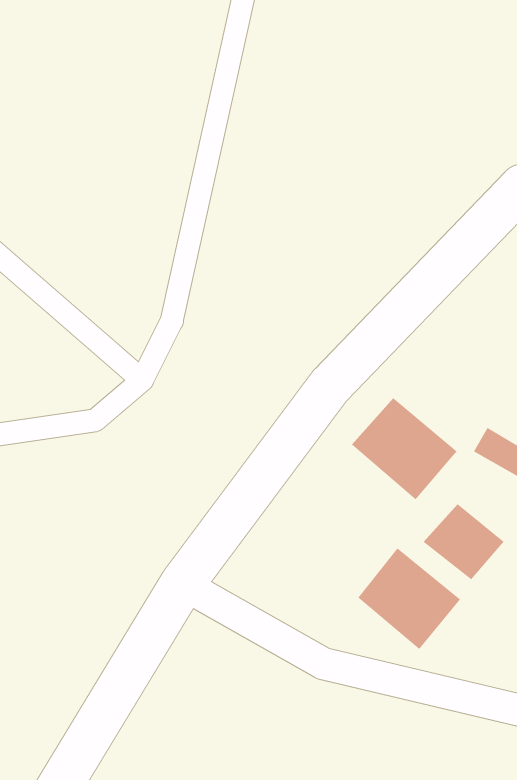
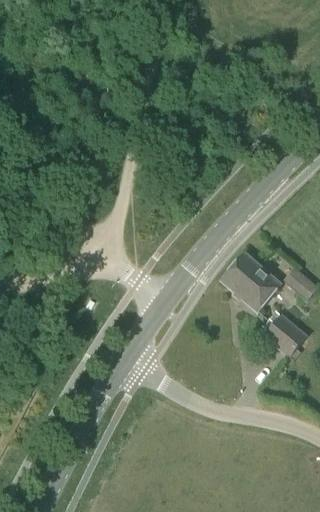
building: [357,548,461,650] -> none

